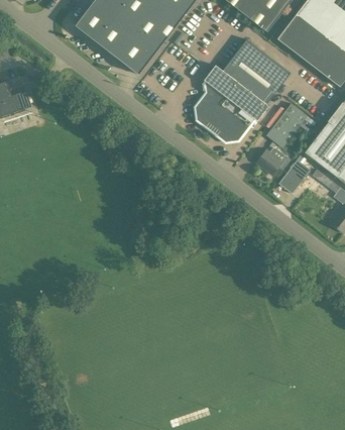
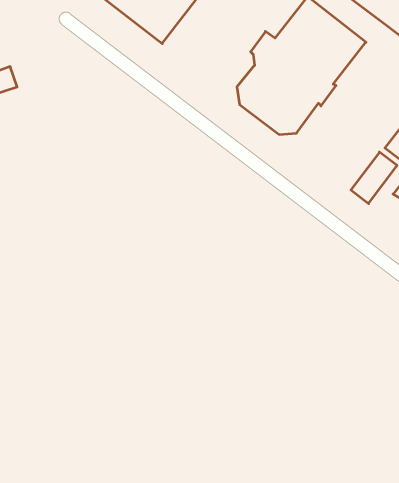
building: [265,103,307,147] -> none
building: [255,147,291,174] -> none

